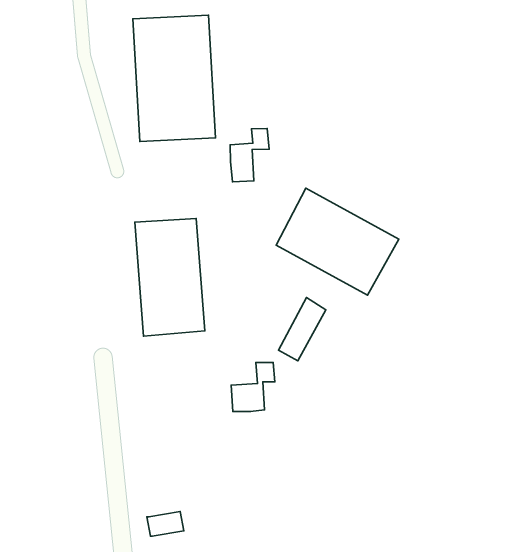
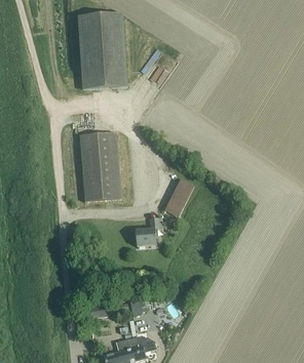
building: [230,128,269,182] -> none
building: [276,188,399,295] -> none

